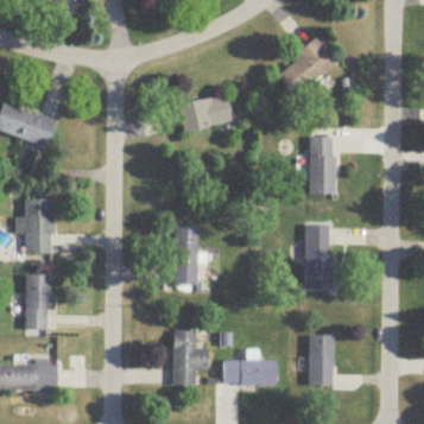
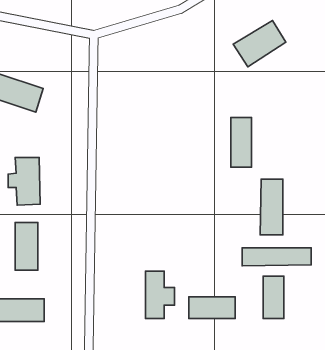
building: [177,95,232,133] -> none
building: [310,137,334,194] -> [231,118,252,167]
building: [173,227,197,284] -> none
building: none -> [242,248,311,266]

